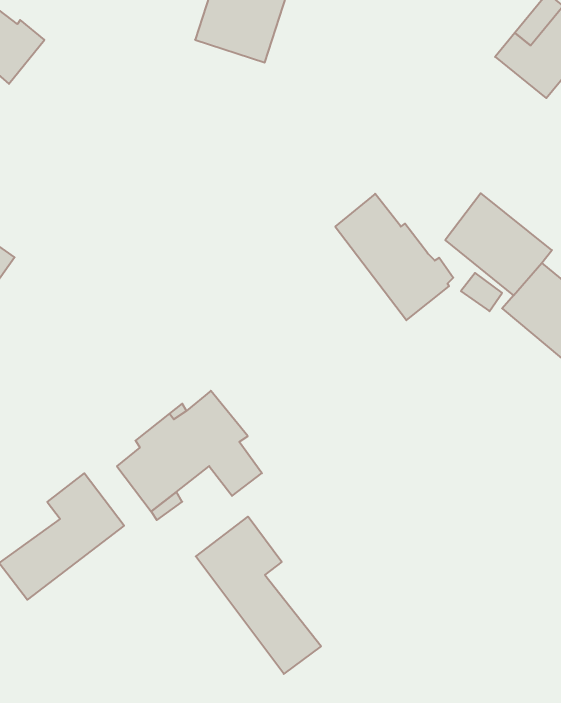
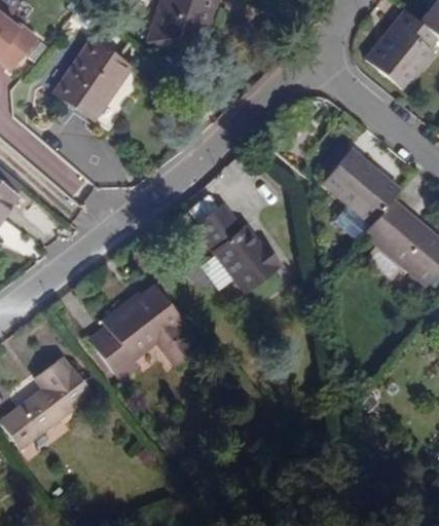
building: none -> [53,38,129,117]
building: [335,194,453,320] -> [194,204,280,296]
building: [196,517,321,674] -> none

